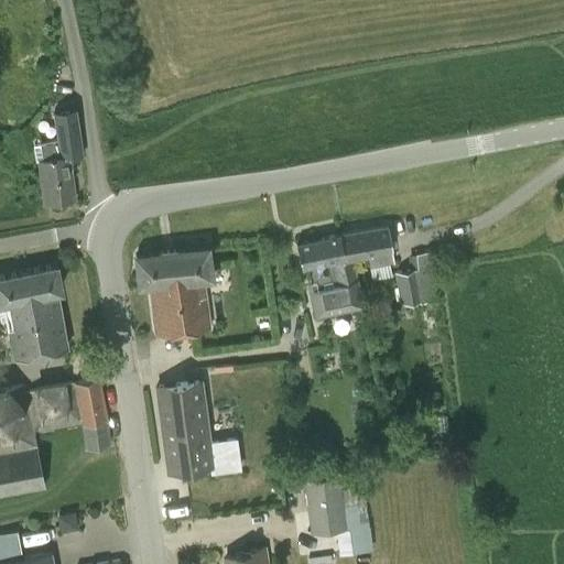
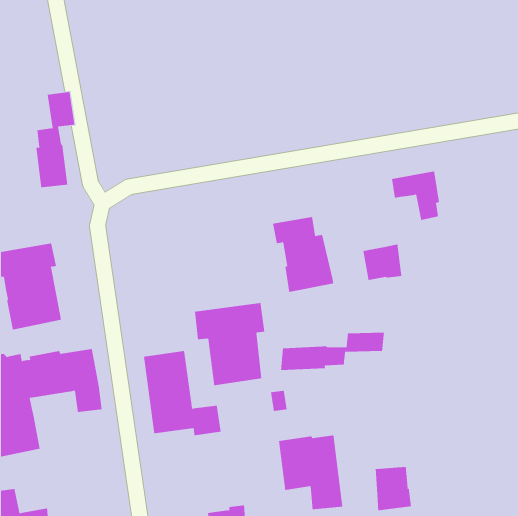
building: [340,229,393,283] -> [391,171,440,220]
building: [135,248,213,338] -> [194,302,265,386]
building: none -> [281,332,385,371]
building: none -> [375,466,412,511]

